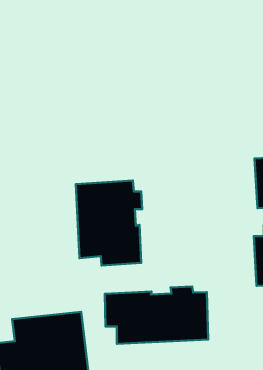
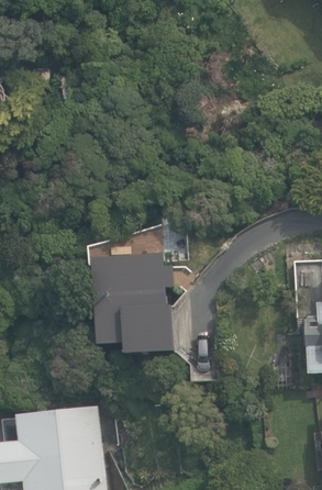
building: [105,286,208,344] -> none

